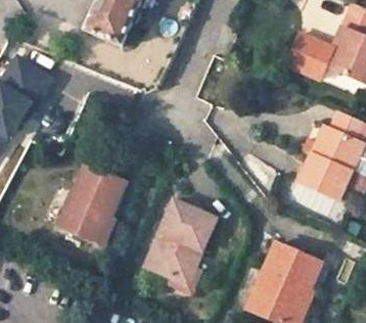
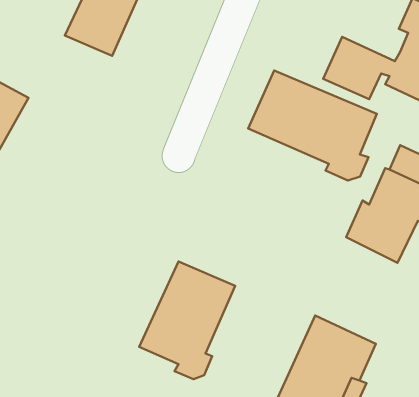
building: none -> [248,70,377,180]
building: [54,164,122,241] -> none

